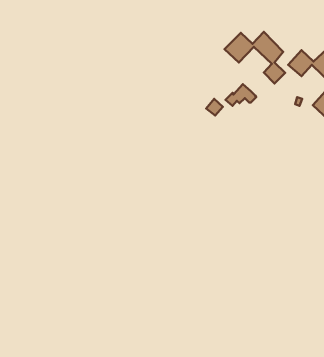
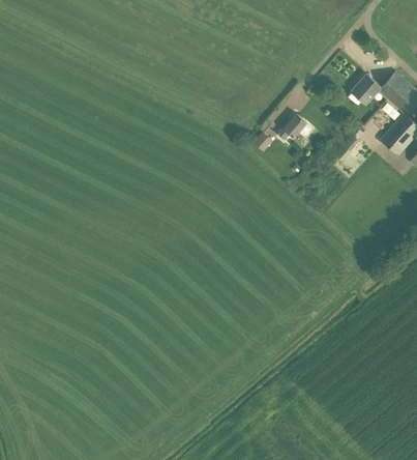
building: [225,32,285,83] -> none

